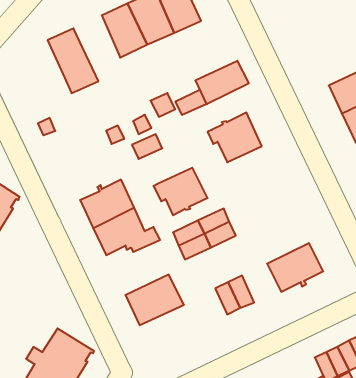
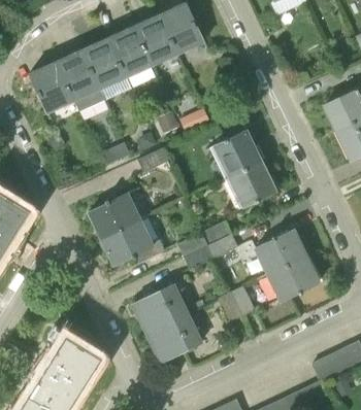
building: none -> [83,36,132,99]
building: none -> [30,60,75,111]
building: [195,61,249,104] -> none
building: [153,168,208,215] -> [225,161,276,206]
building: none -> [255,228,307,273]
building: none -> [145,312,201,362]

